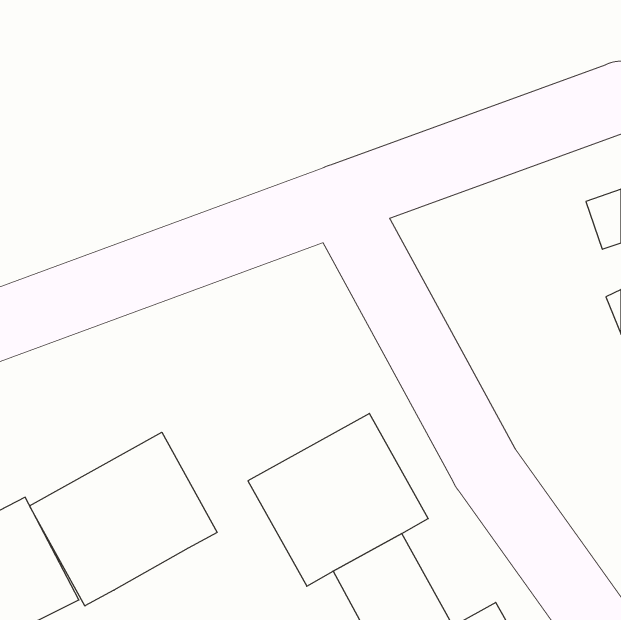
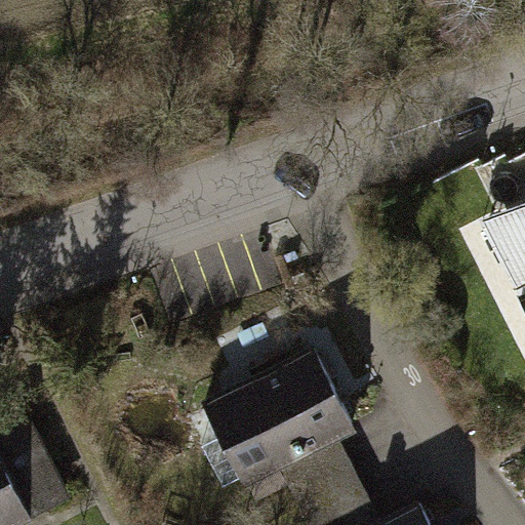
building: [30,432,217,606] -> none

